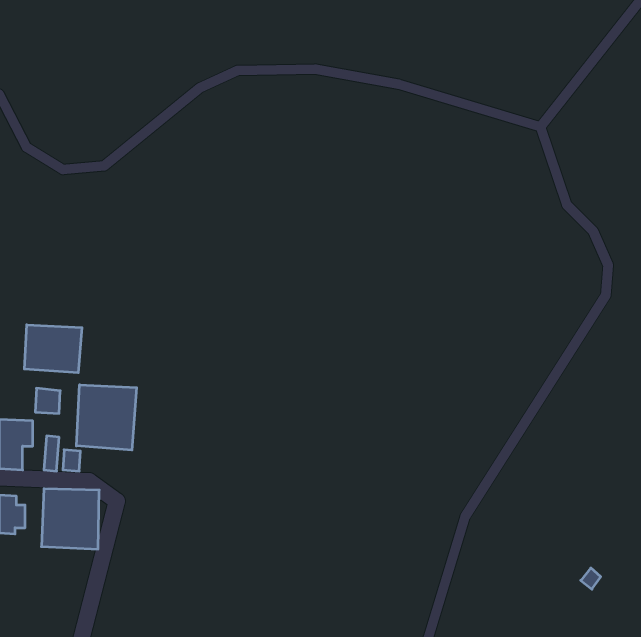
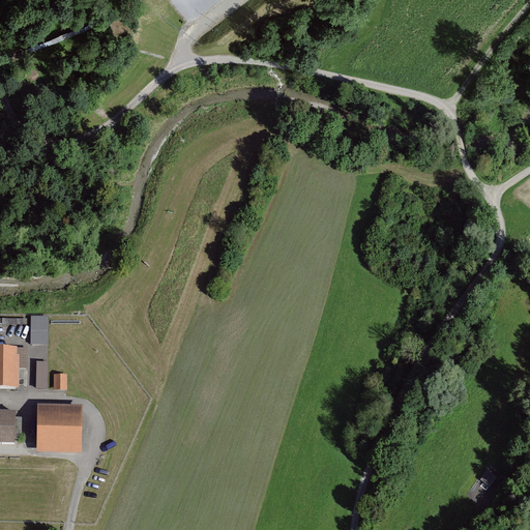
building: [24,325,82,373] -> none
building: [76,385,137,450] -> none

